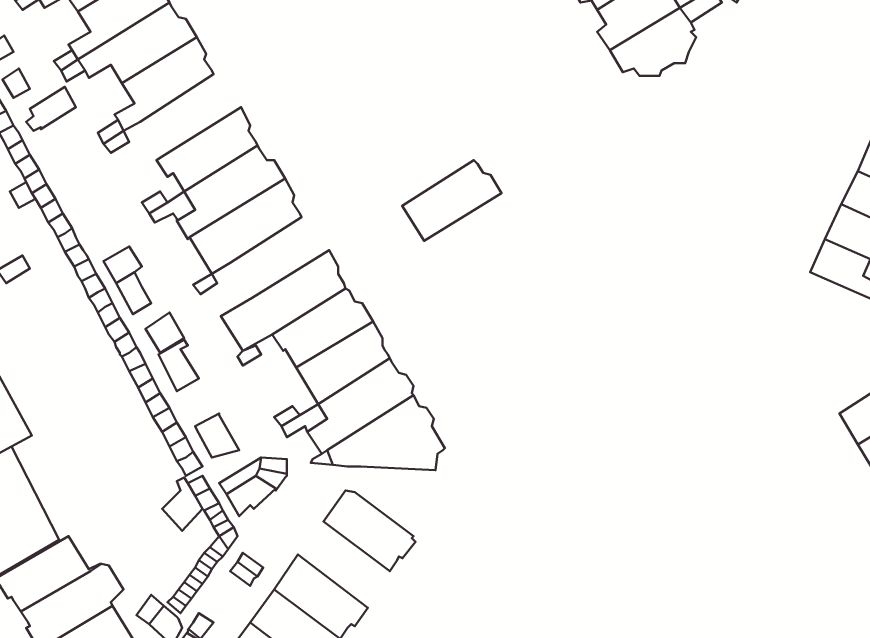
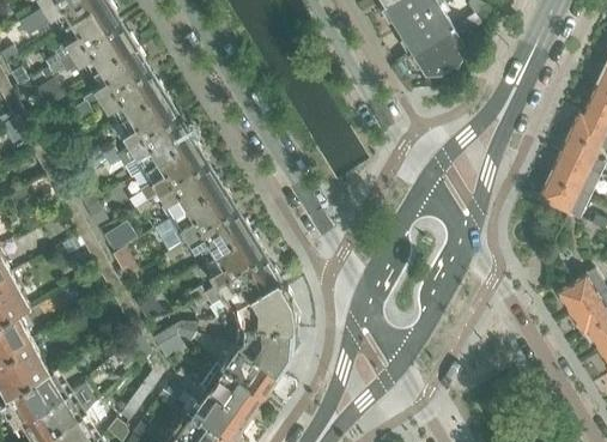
building: none -> [101,71,166,125]
building: [402,160,501,241] -> [159,164,224,217]
building: none -> [235,327,299,373]
building: none -> [204,363,263,419]

